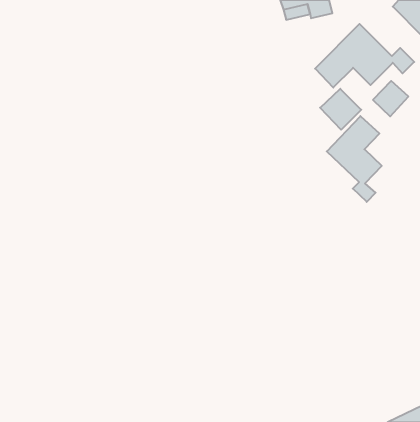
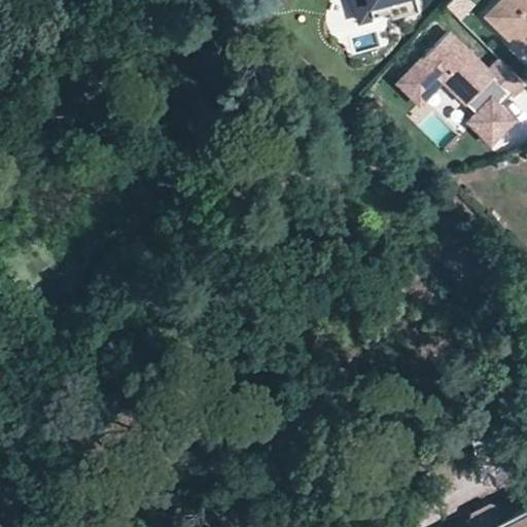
building: [320,89,361,130] -> none
building: [327,116,382,202] -> none

